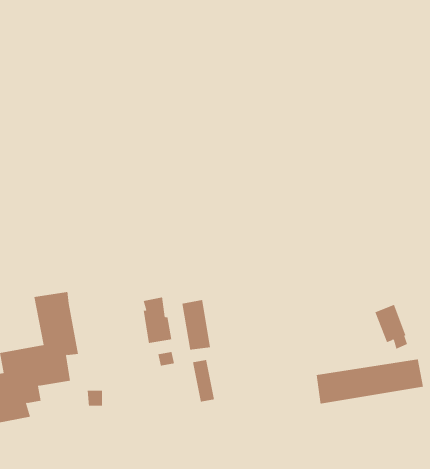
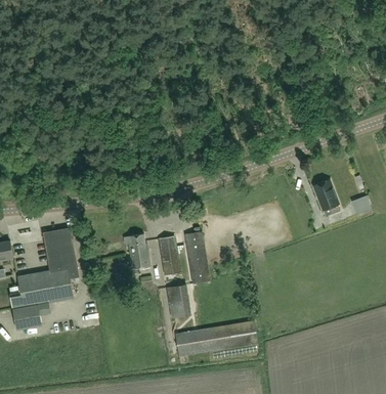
building: none -> [184,231,209,283]
building: [374,304,408,349] -> [313,179,339,214]
building: [316,359,424,404] -> [175,321,258,356]

